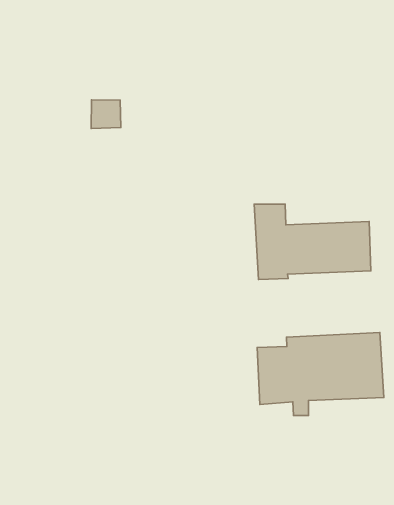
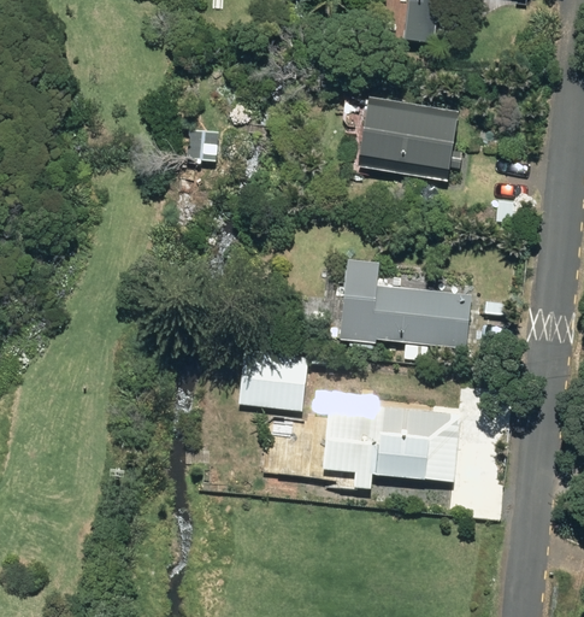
building: none -> [358,99,455,172]
building: none -> [238,348,307,409]

